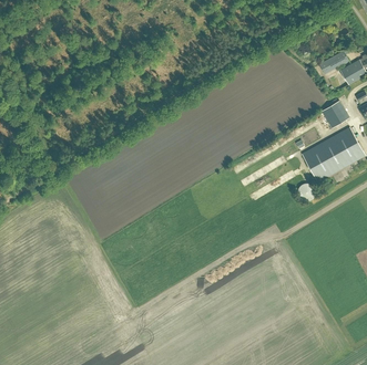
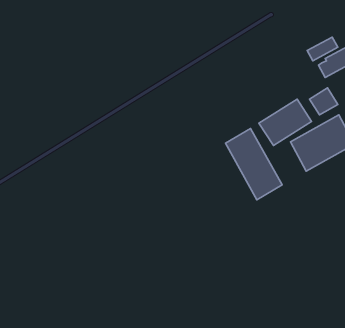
building: none -> [259,99,312,145]
building: none -> [225,129,282,200]

